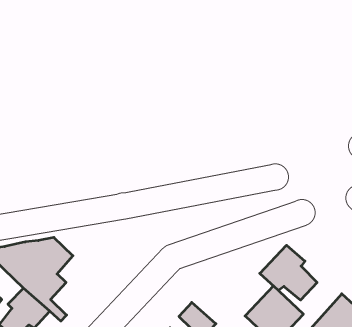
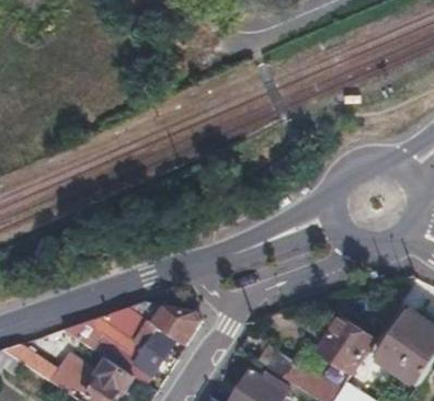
building: none -> [126,300,202,377]
building: [260,245,317,300] -> none

